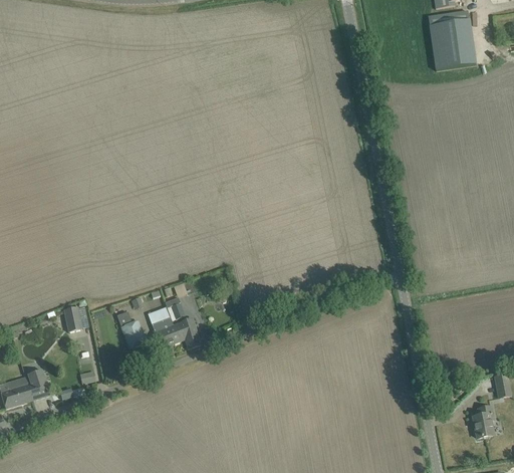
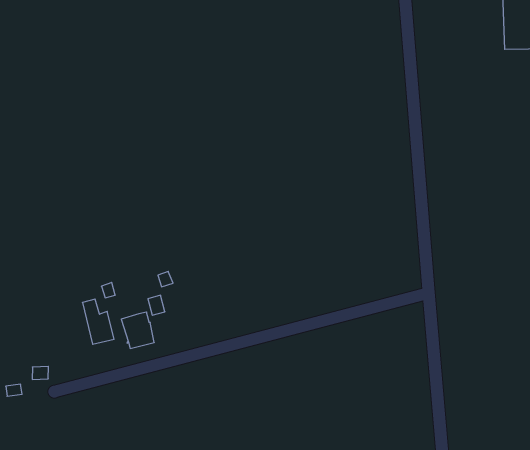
building: [62,305,82,331] -> none
building: [174,317,200,347] -> none

